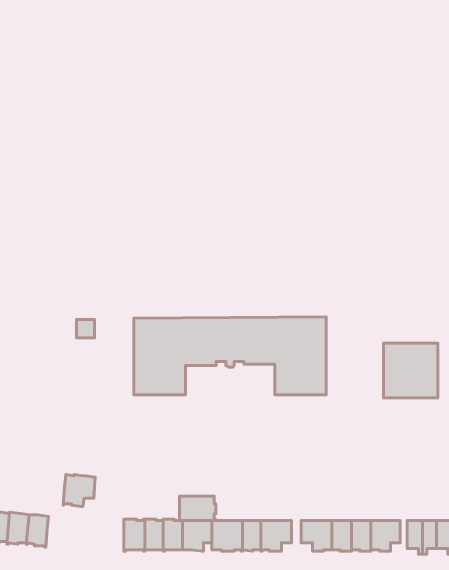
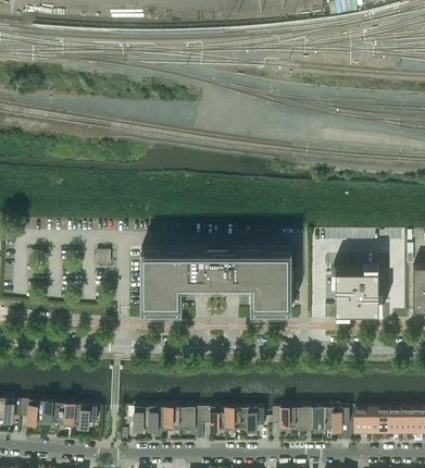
building: [63,474,95,507] -> [73,404,98,429]
building: [180,496,216,521] -> none

